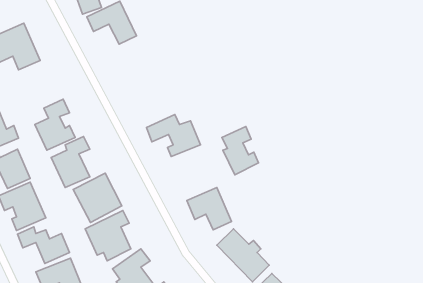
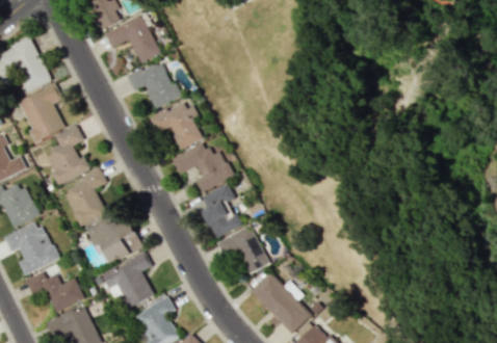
building: none -> [127,59,179,108]
building: none -> [17,82,66,141]
building: none -> [149,101,203,149]
building: [222,126,258,175] -> [201,183,242,238]

